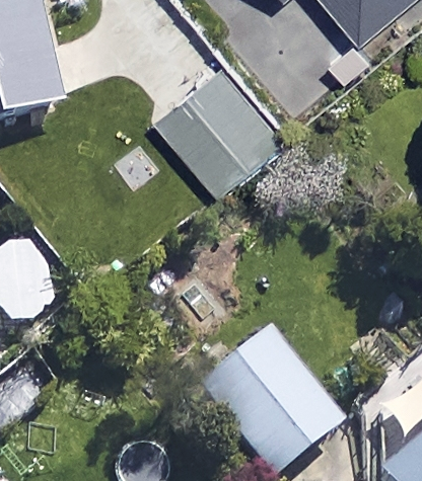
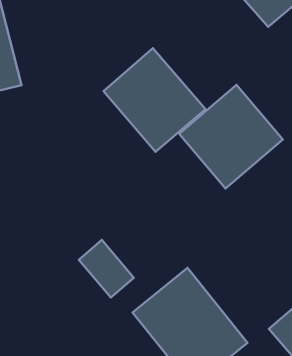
building: none -> [179,85,283,188]

